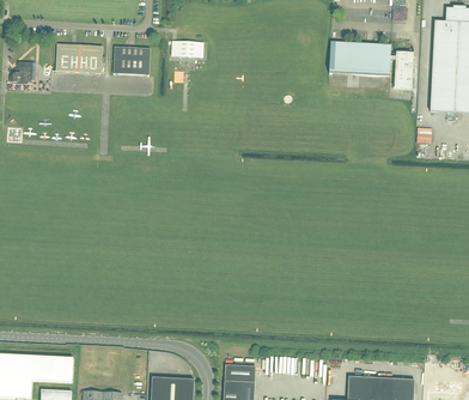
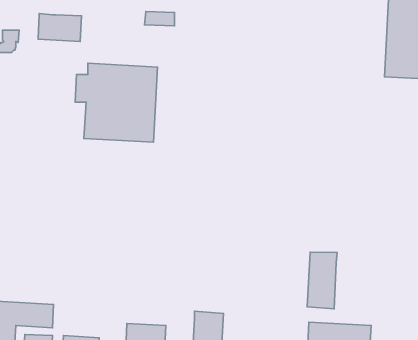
building: [329,41,414,86] -> none
building: [114,46,151,74] -> none
building: none -> [75,63,158,142]
building: none -> [307,252,337,309]

